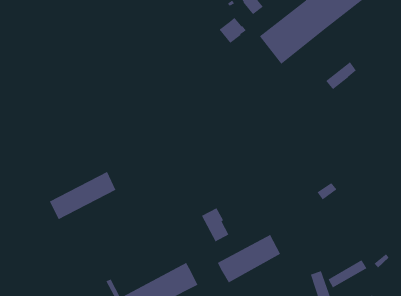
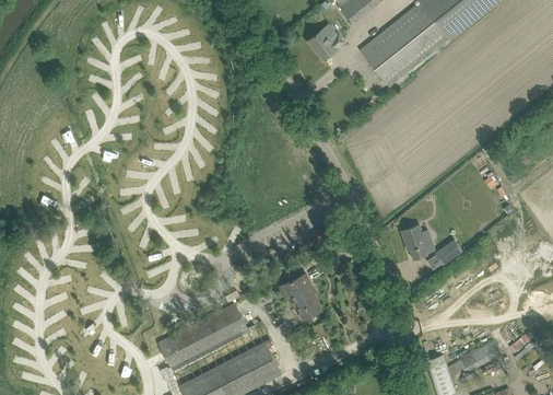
building: [325,61,357,90] -> none
building: none -> [401,224,435,258]
building: [49,171,117,220] -> [158,303,247,368]
building: [217,234,281,284] -> none

